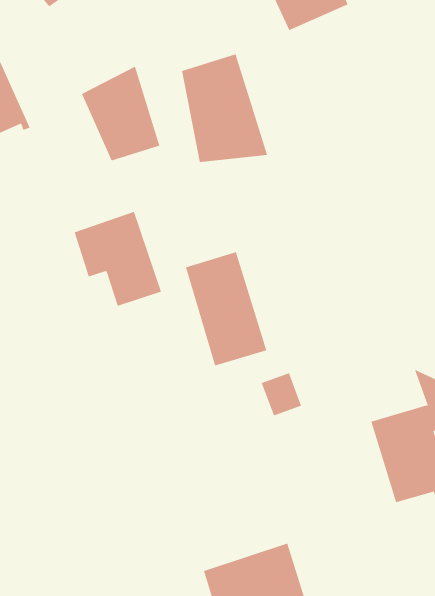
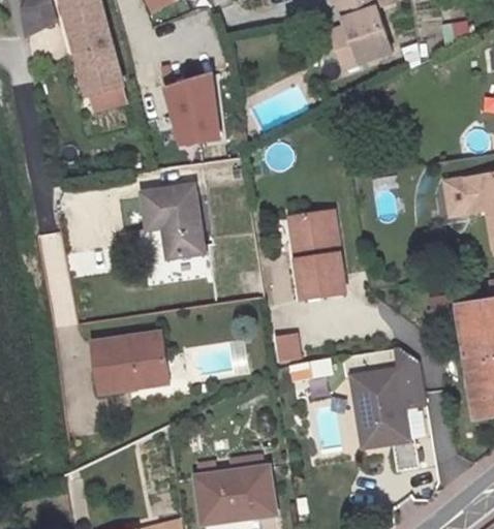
building: [181,54,268,163] -> none
building: [185,252,267,366] -> [290,208,343,294]
building: none -> [90,332,166,392]

